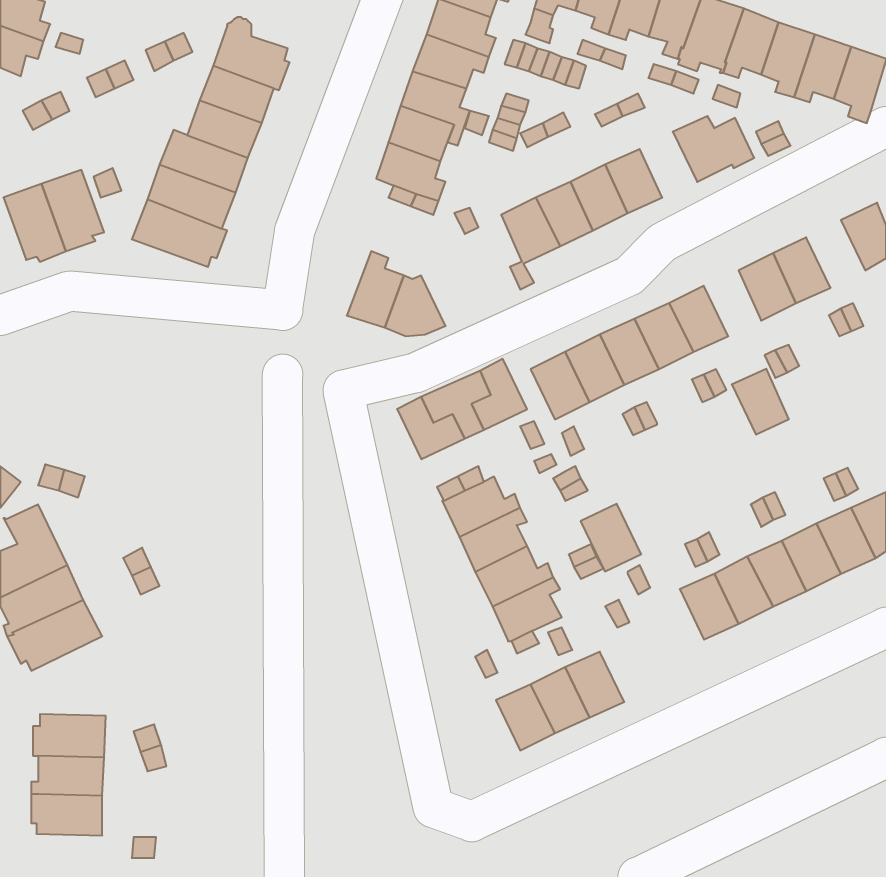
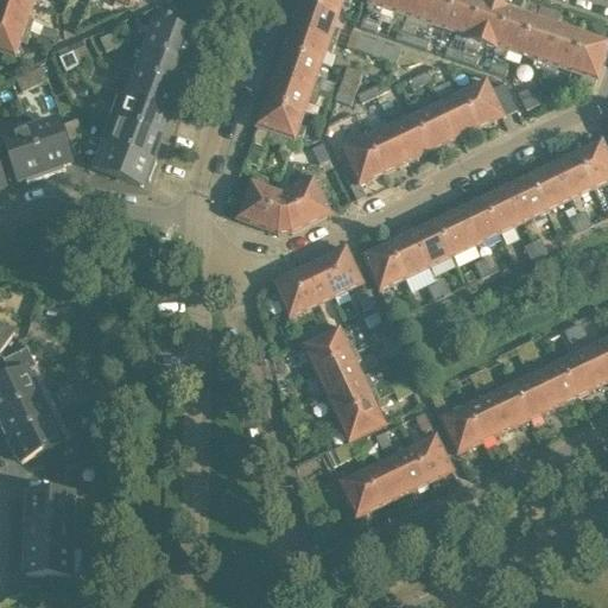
building: none -> [438,90,477,135]
building: none -> [552,151,593,197]
building: none -> [289,170,334,223]
building: [732,369,789,435] -> [482,185,521,230]
building: [581,504,641,571] -> [441,404,482,450]
building: none -> [411,435,451,481]

